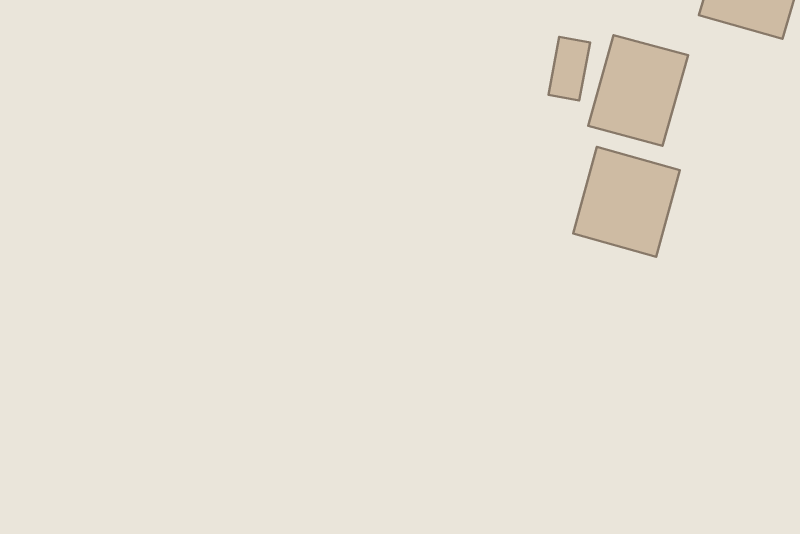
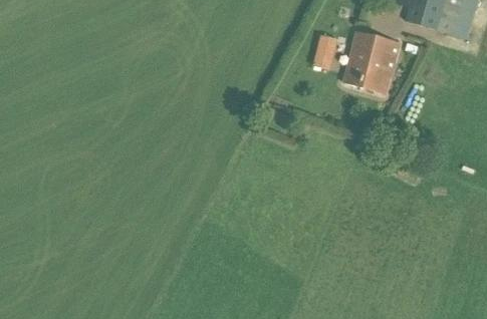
building: [573,147,680,257] -> none

